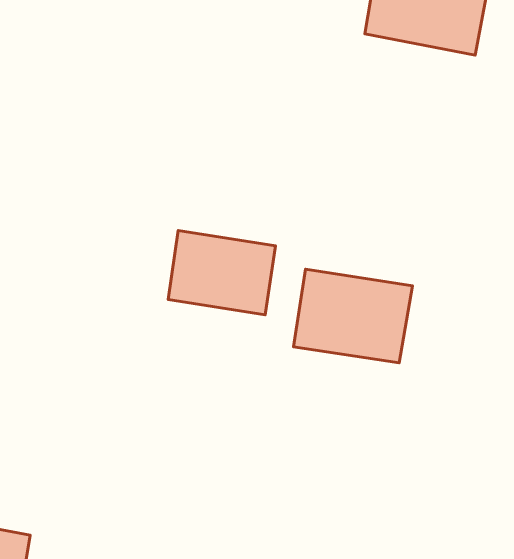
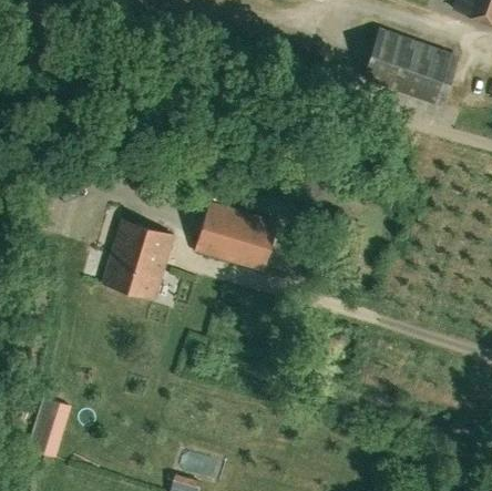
building: [293,269,413,363] -> none
building: none -> [102,217,173,297]

